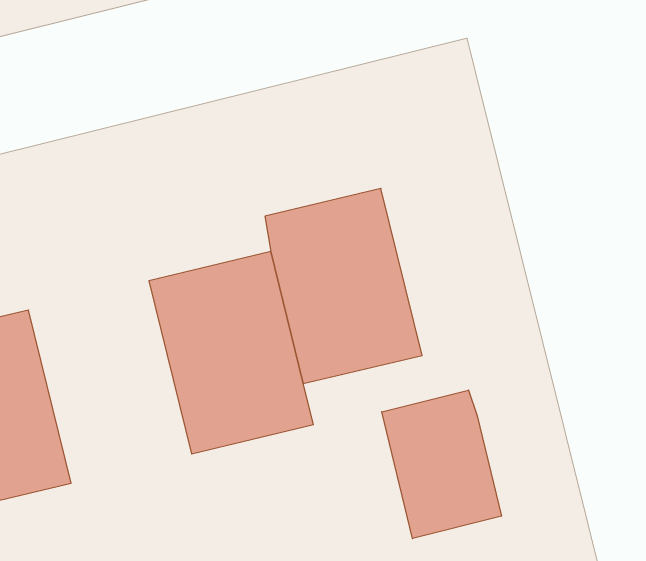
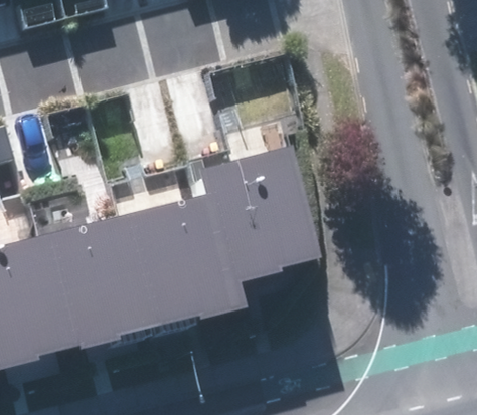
building: none -> [42,211,154,350]
building: [382,390,502,539] -> none

